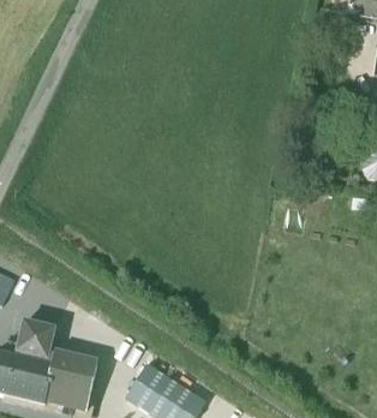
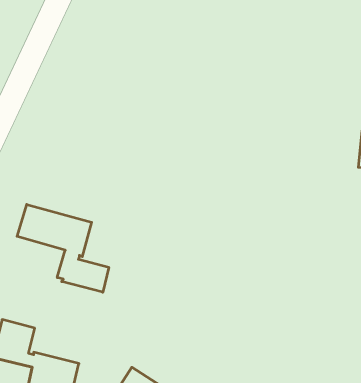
building: none -> [17,204,109,292]

